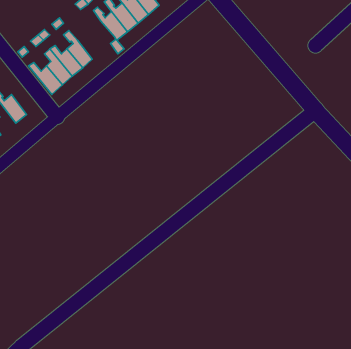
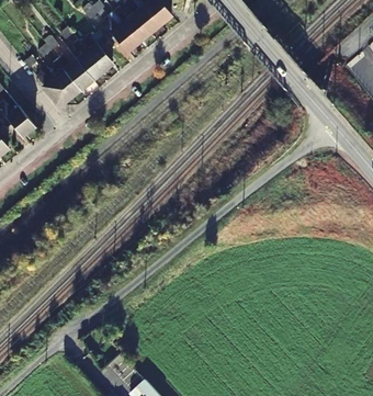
building: none -> [88,34,126,73]

